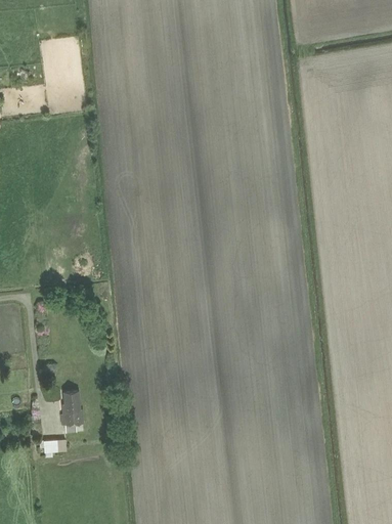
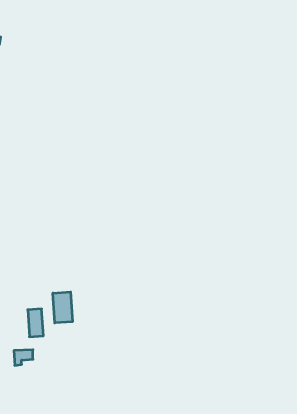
building: none -> [53,292,72,323]

